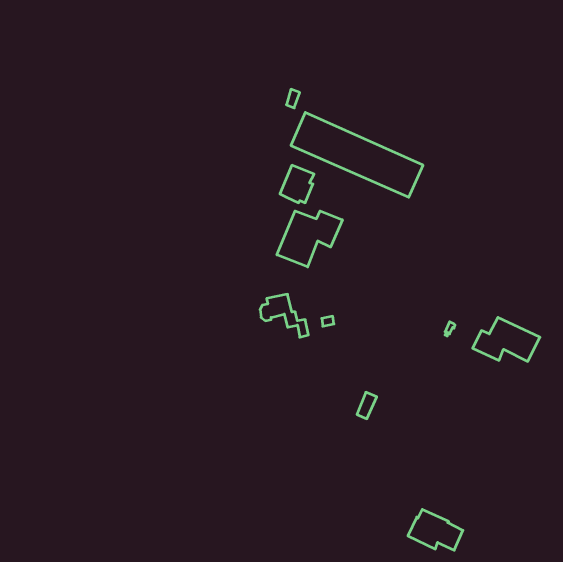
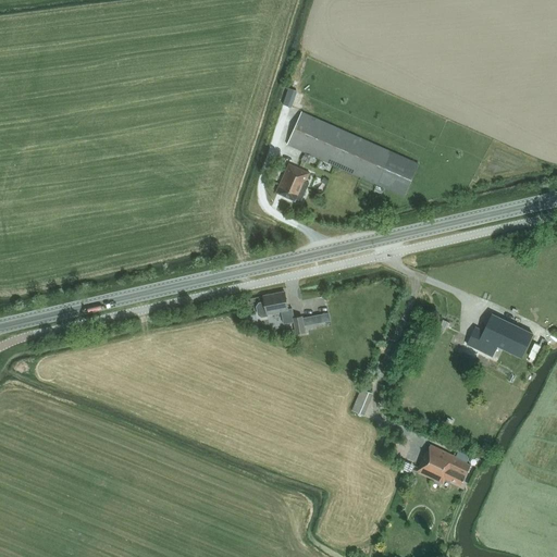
building: [277,211,342,267] -> none
building: [408,509,463,550] -> [416,444,470,484]

